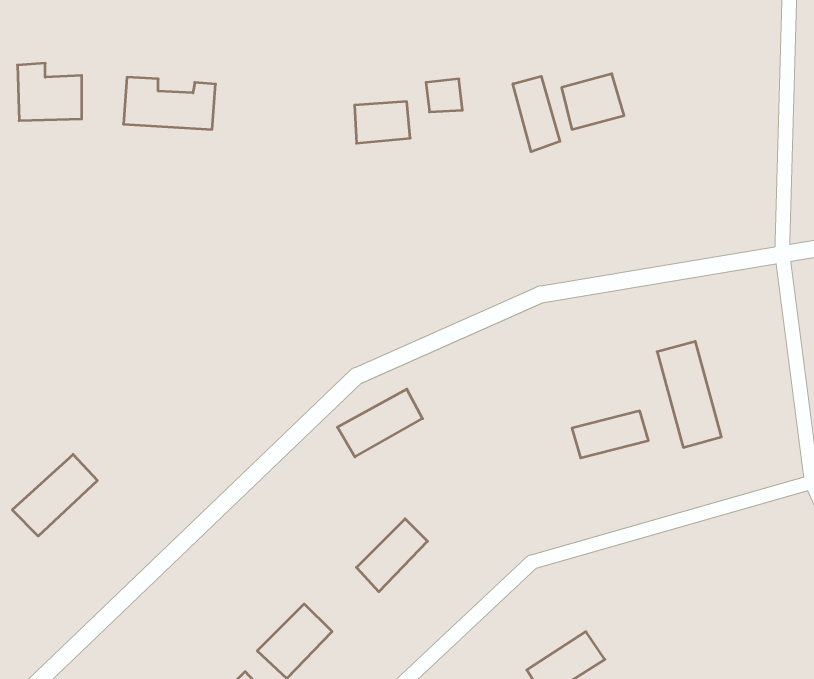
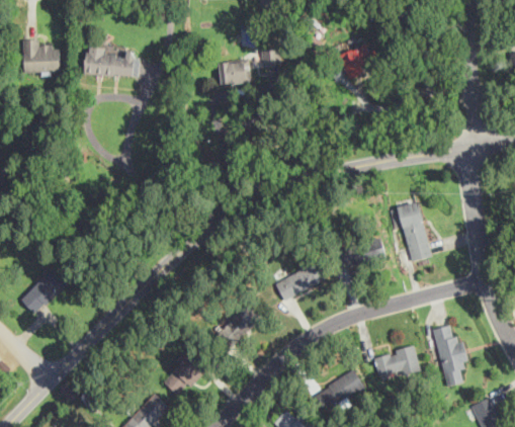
building: [513,76,560,152] -> none
building: [337,389,423,457] -> [275,261,325,301]
building: none -> [433,324,468,387]
building: none -> [374,346,420,378]

